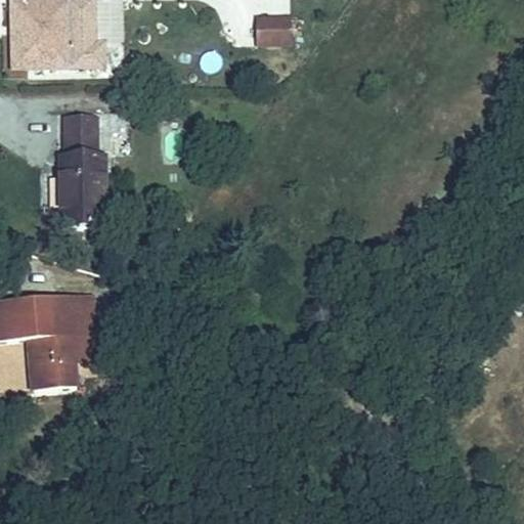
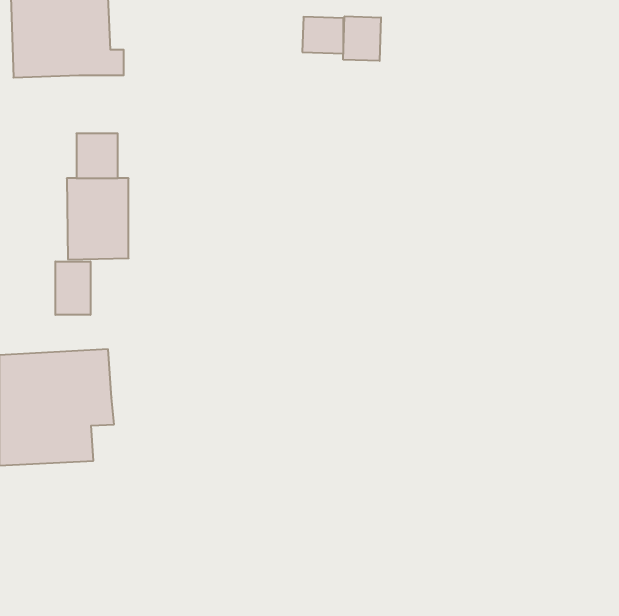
building: none -> [343,16,381,61]
building: none -> [55,261,90,315]

